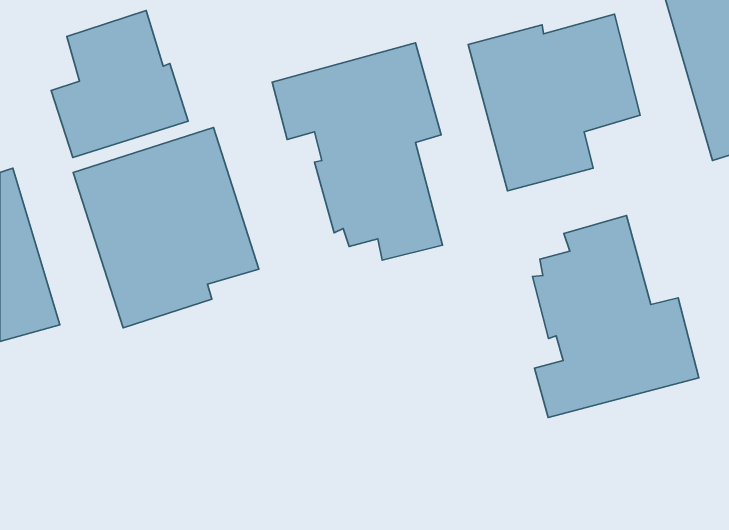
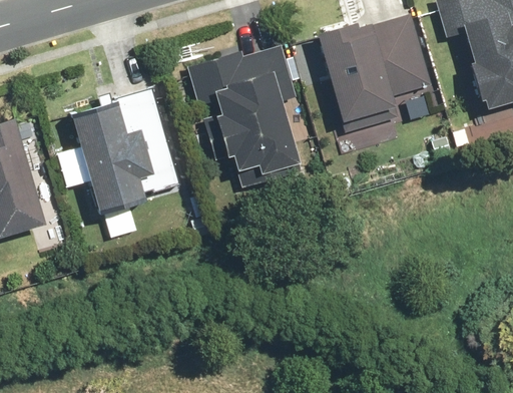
building: [51,10,188,158] -> none
building: [532,216,699,418] -> none

